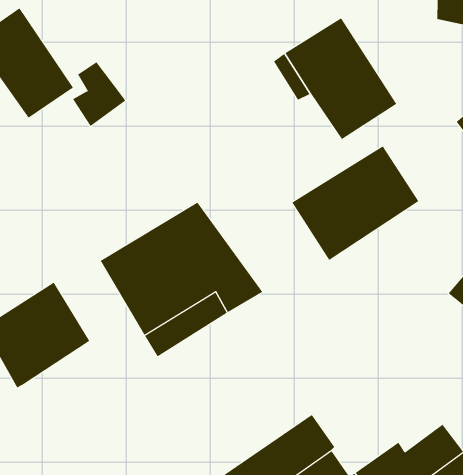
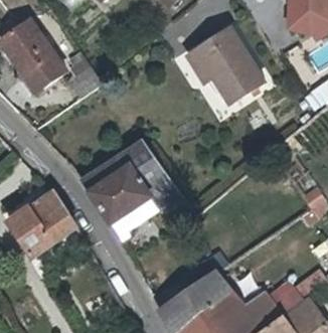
building: [292,146,419,261] -> none

